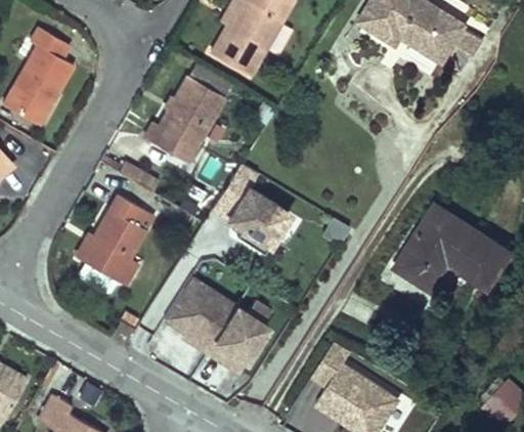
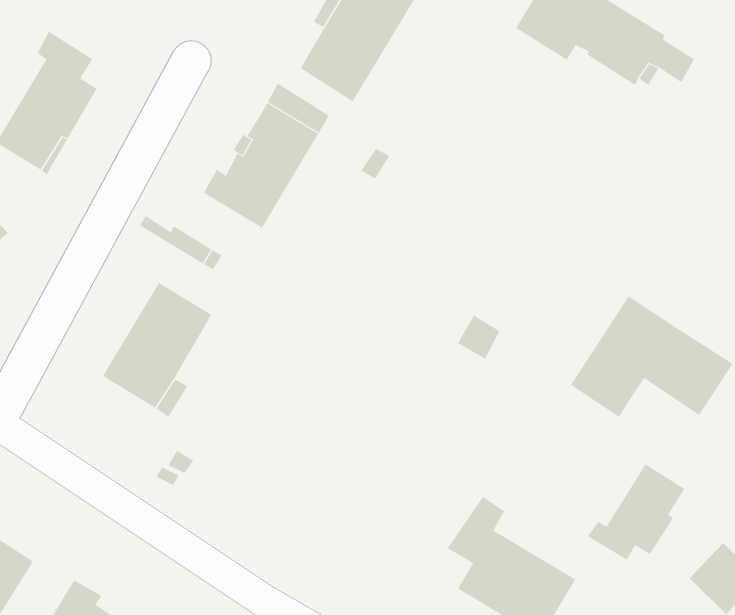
building: [211,164,288,245] -> none
building: [166,277,259,358] -> none
building: none -> [587,464,685,561]

